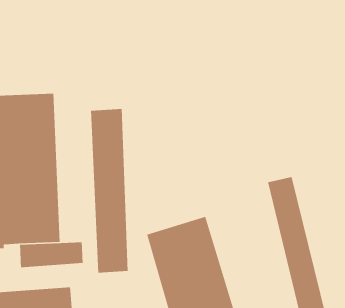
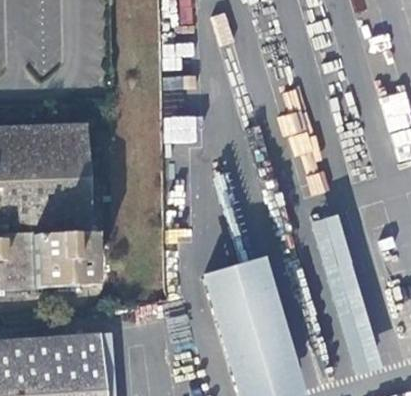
building: [90,108,129,273] -> none

